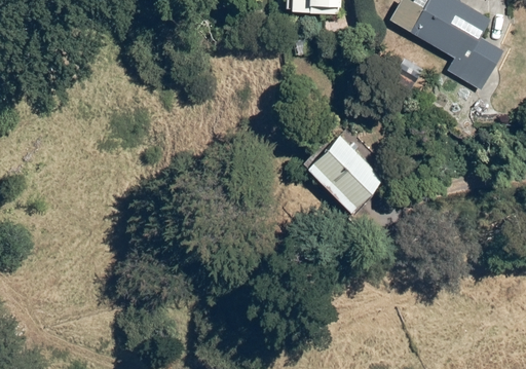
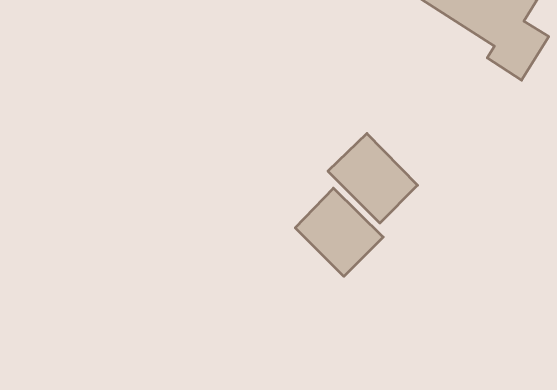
building: none -> [295,188,383,276]

